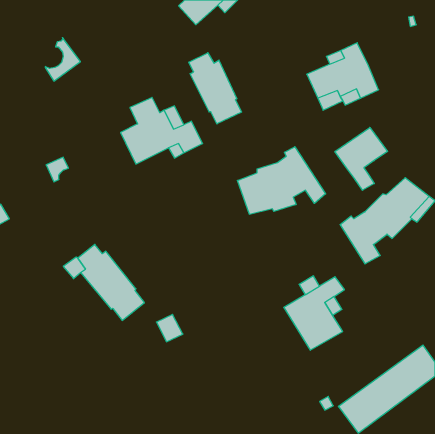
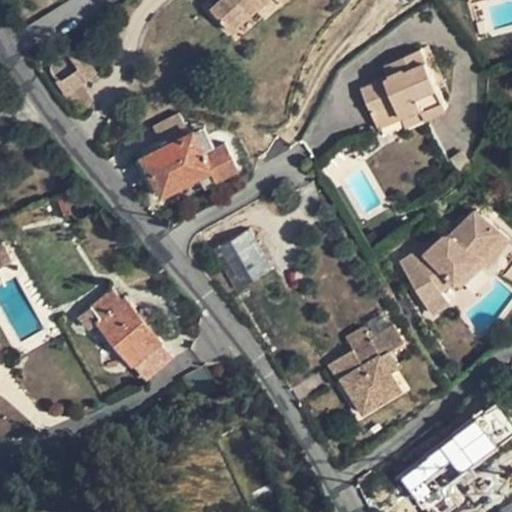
building: [189,53,242,124] -> none
building: [335,127,388,190] -> none
building: [237,147,326,214] -> none
building: none -> [213,233,270,290]

